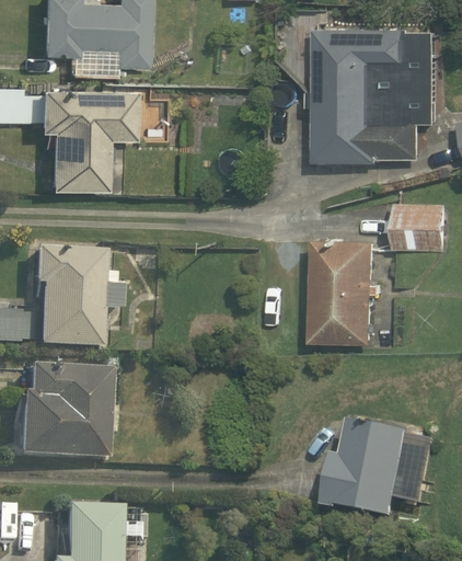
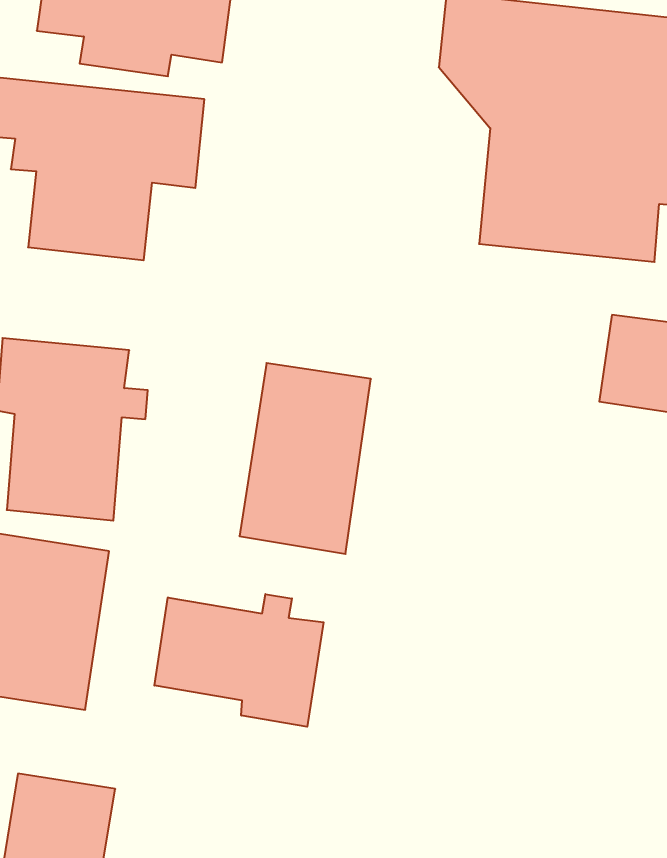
building: [311,237,382,347] -> [239,363,371,554]
building: none -> [154,594,324,727]
building: [328,414,413,518] -> none

